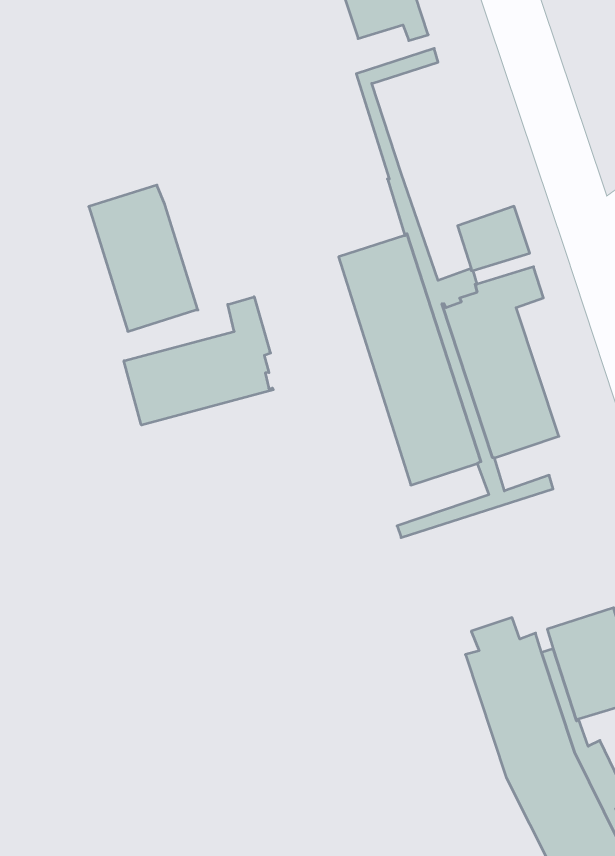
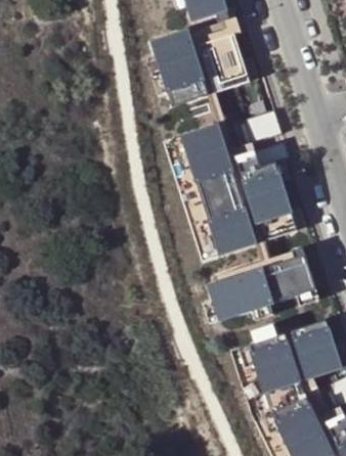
building: none -> [200,34,250,92]
building: [89,185,198,331] -> [152,30,209,106]
building: [124,297,273,425] -> none
building: none -> [209,247,316,321]

